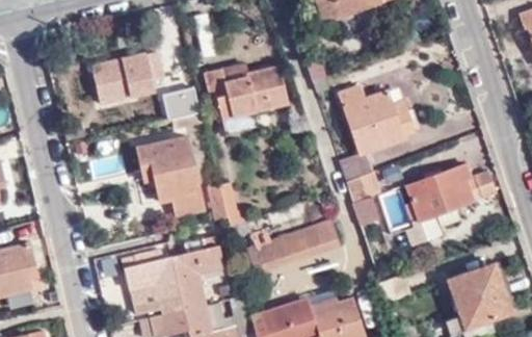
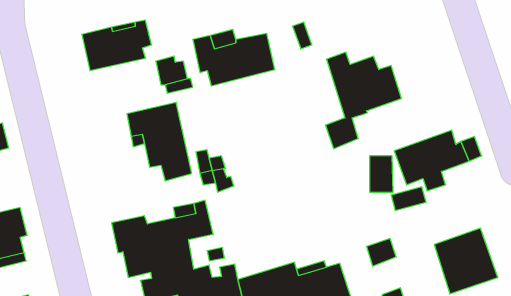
building: [346,172,380,228] -> none
building: [255,221,338,273] -> none

